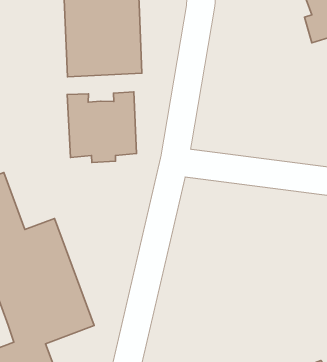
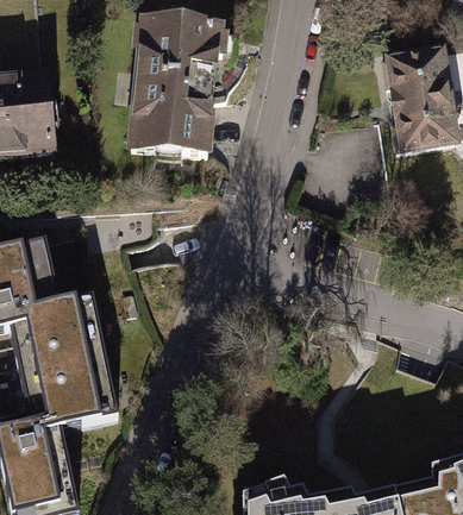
building: [67,92,137,163] -> none

